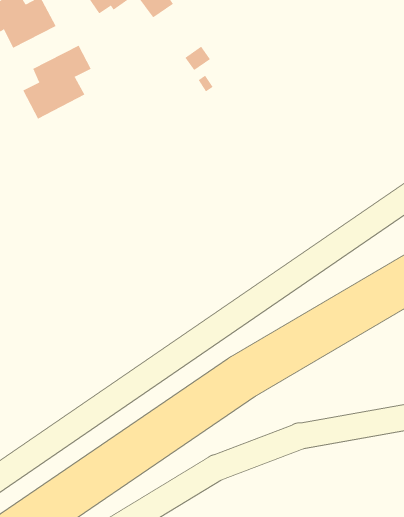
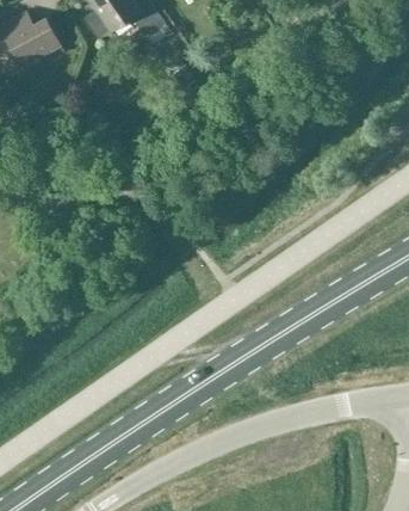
building: [23,45,92,120] -> none

